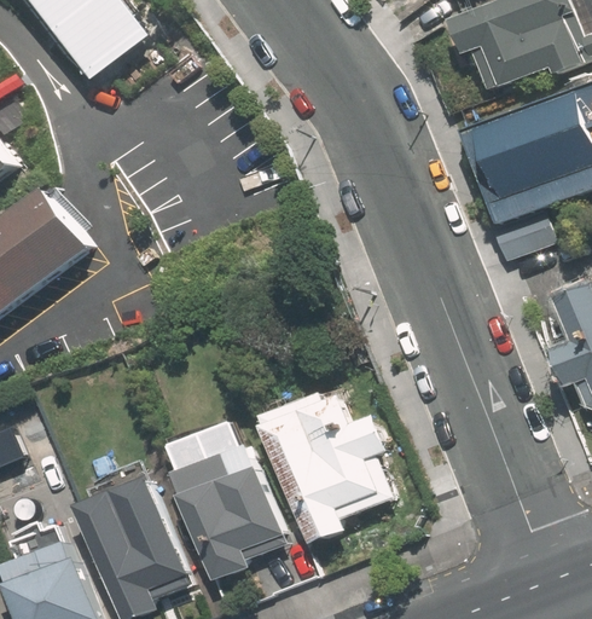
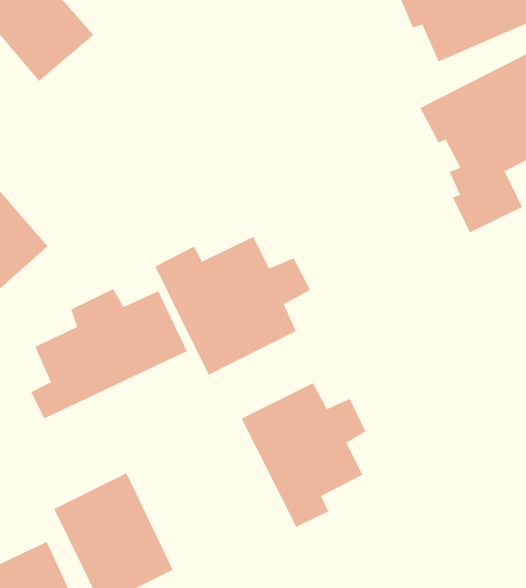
building: none -> [154,236,311,375]
building: none -> [30,288,188,419]
building: [167,440,282,582] -> none

